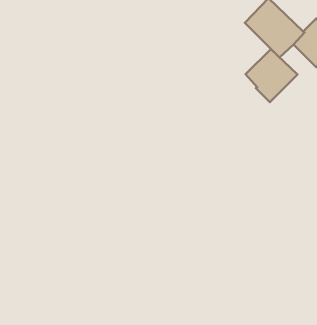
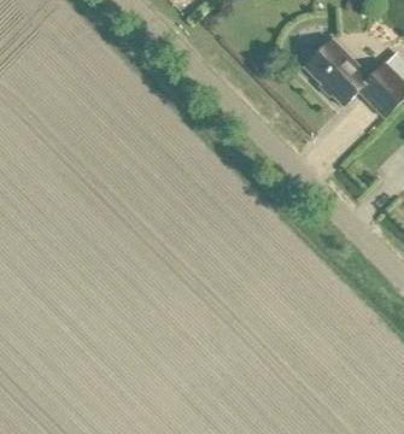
building: [246,49,298,102] -> none

